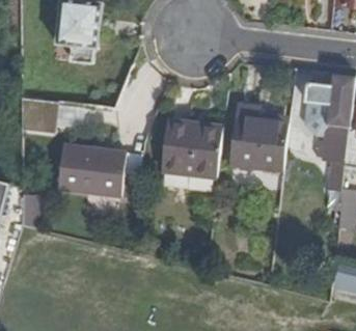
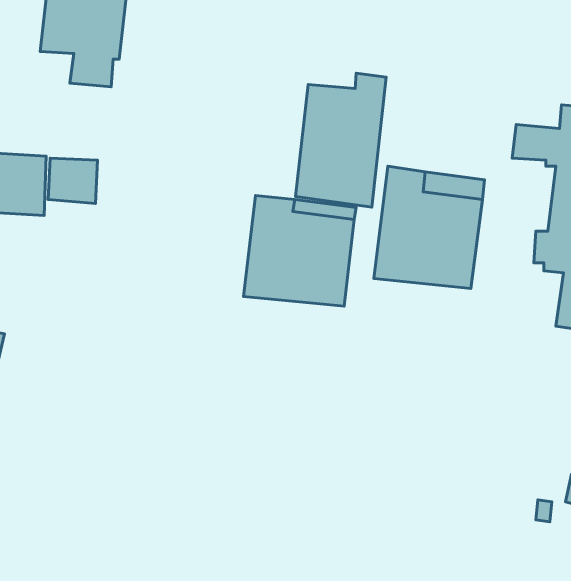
building: none -> [295,73,386,207]
building: [59,144,143,197] -> none

